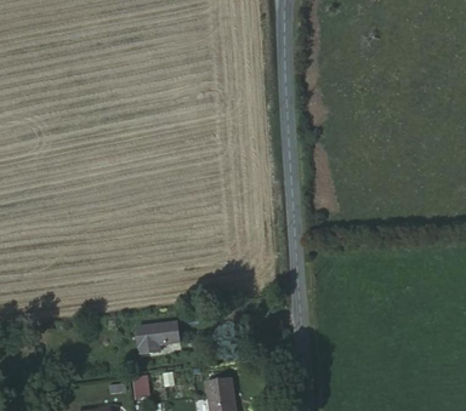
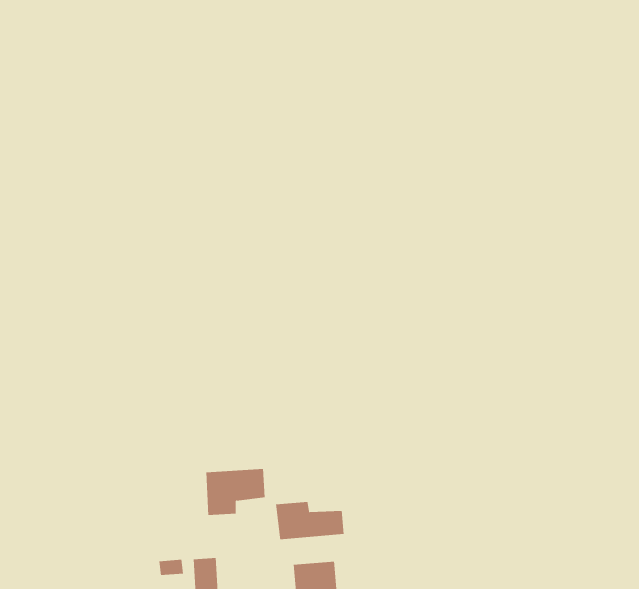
building: none -> [276,501,344,540]

